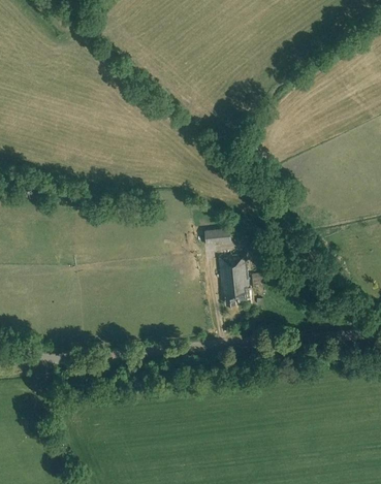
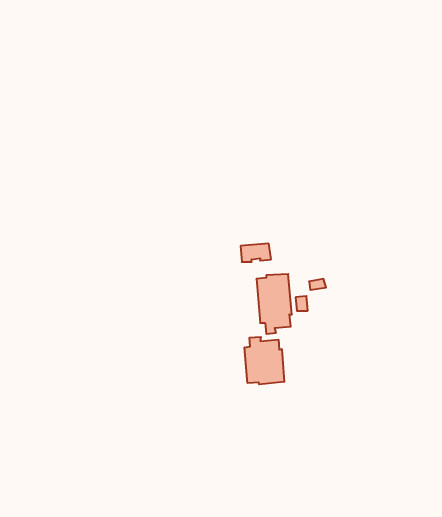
building: none -> [245,337,284,384]

